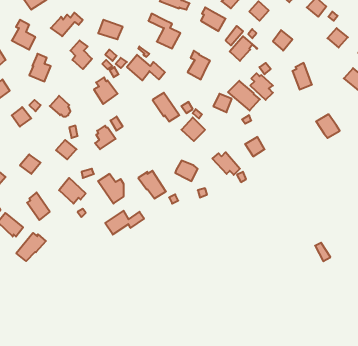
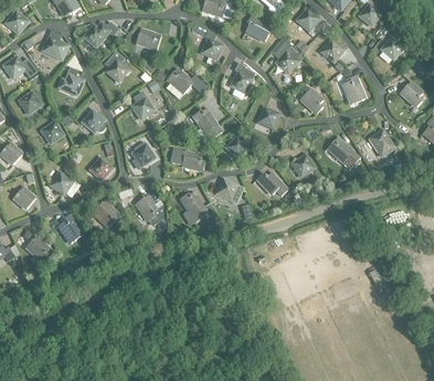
building: [228,81,260,111] -> [324,137,358,169]
building: none -> [168,148,203,171]
building: [105,211,144,235] -> none
building: [16,233,46,261] -> none

